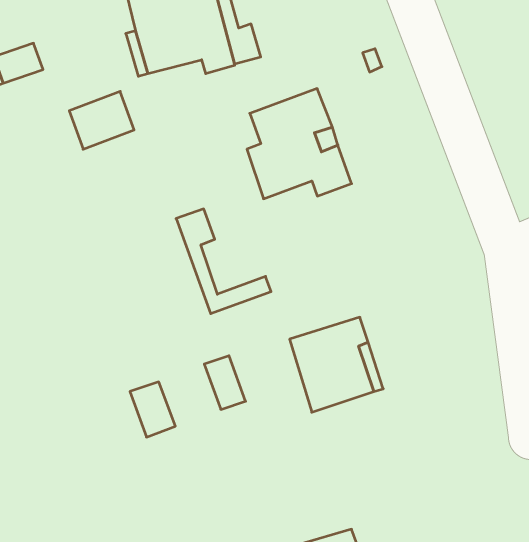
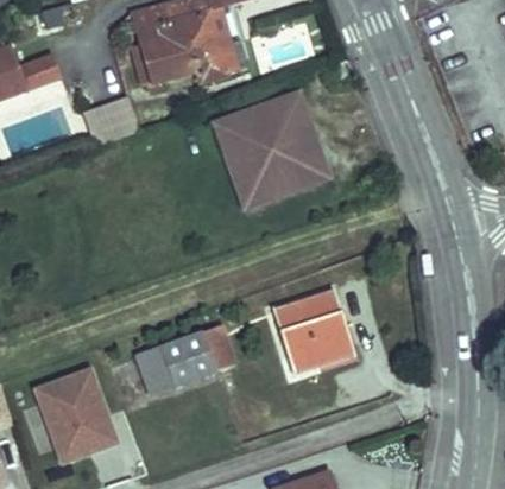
building: [176,209,271,314] -> [215,115,297,205]
building: none -> [160,331,214,385]
building: none -> [36,369,116,462]

